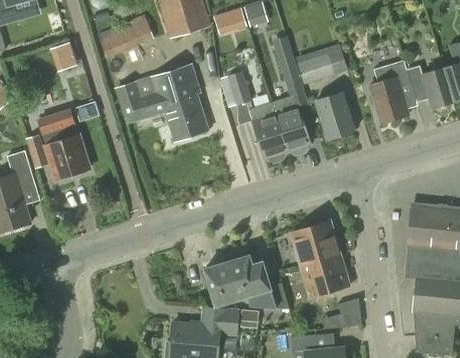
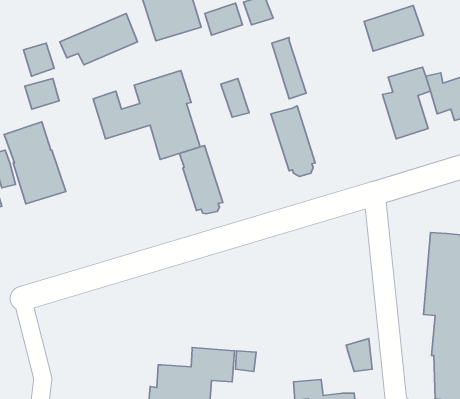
building: [296,44,348,84] -> [364,5,423,51]
building: none -> [25,79,59,109]
building: [315,92,355,141] -> none
building: [249,102,287,162] -> [180,145,223,214]
building: [291,221,349,297] -> none
building: [204,255,289,309] -> none

